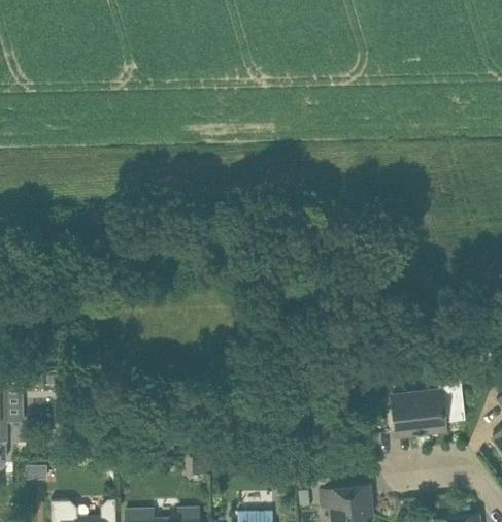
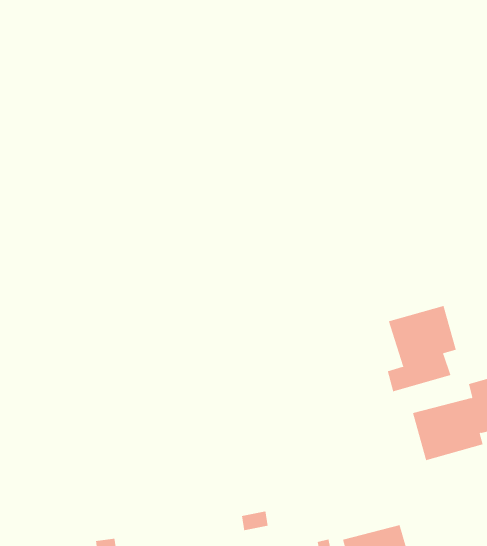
building: none -> [387,305,457,392]

